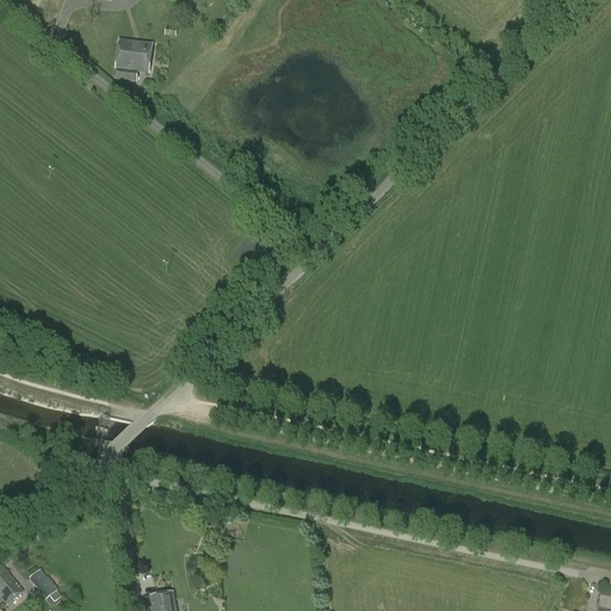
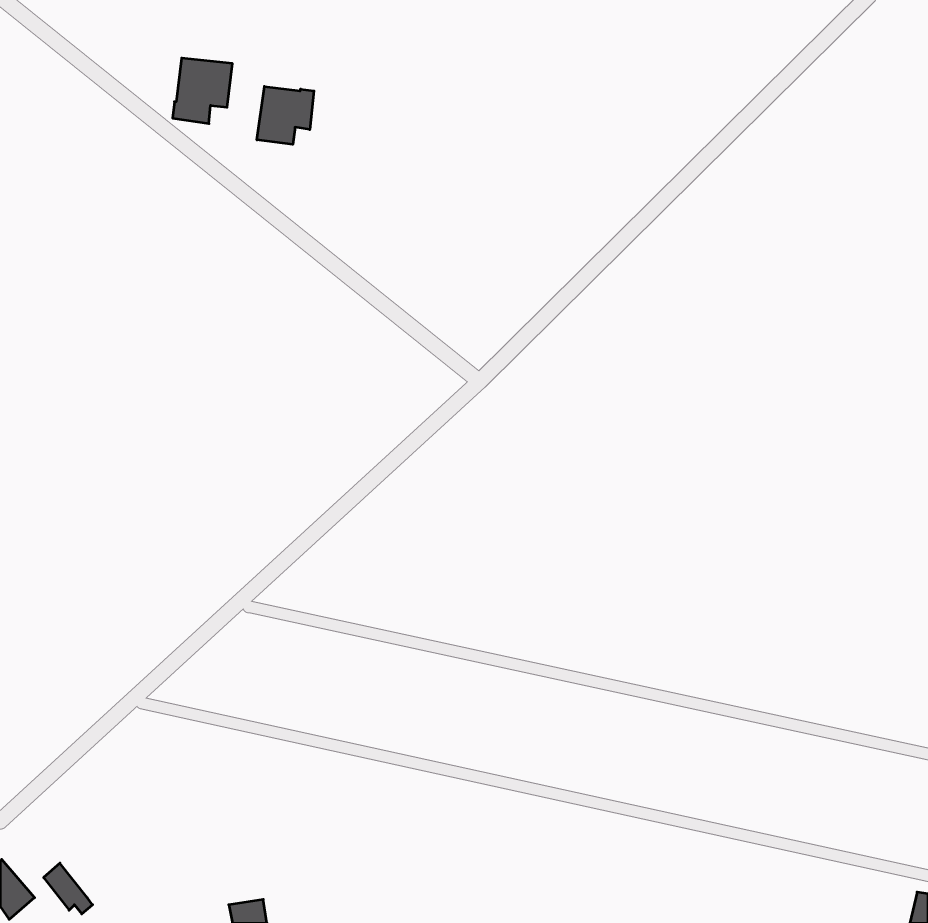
building: none -> [257,86,314,144]

